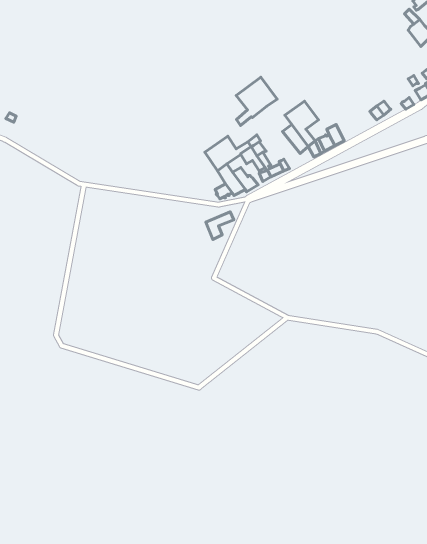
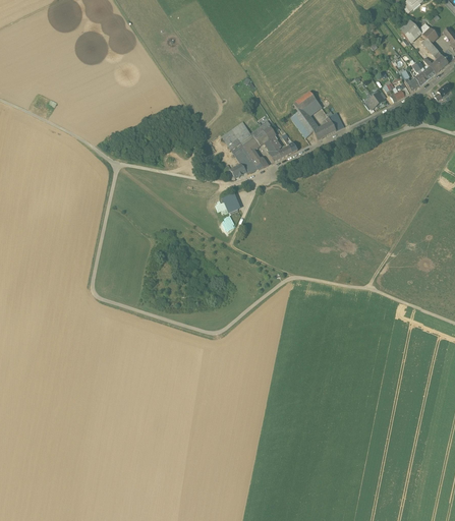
building: [236,77,277,125] -> none

